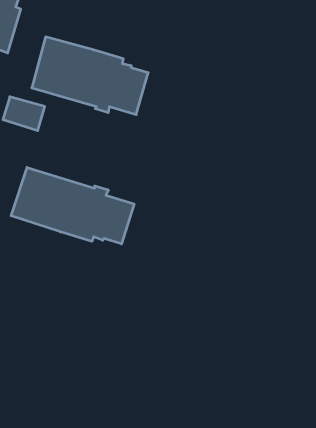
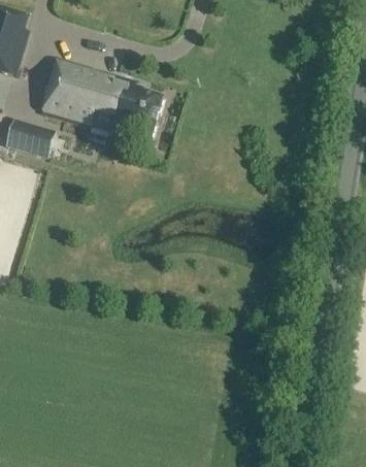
building: [11,167,134,244] -> none

